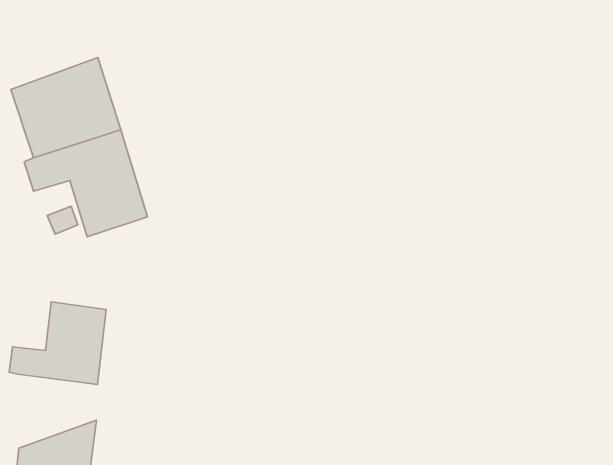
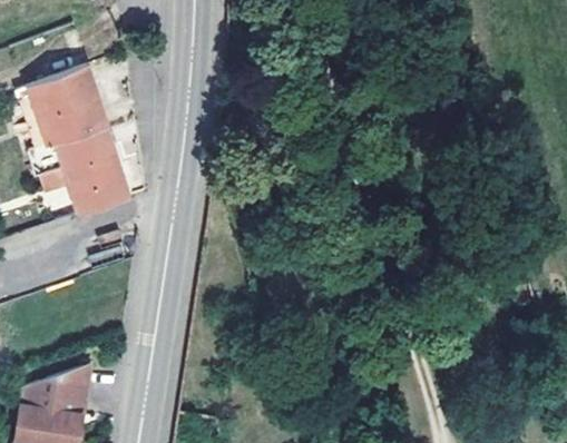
building: [9,302,106,385] -> none

